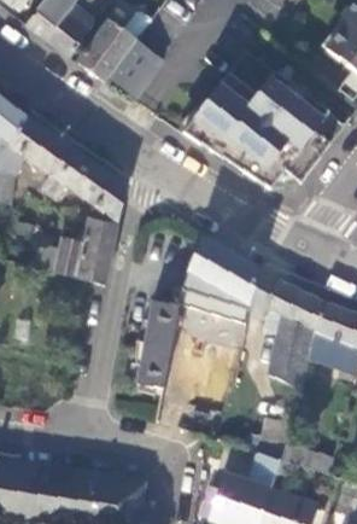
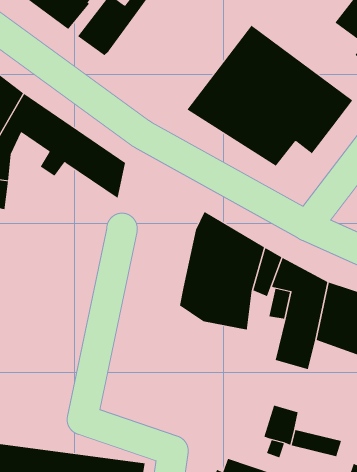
building: [109,41,162,95] -> none
building: [34,219,117,284] -> none
building: [140,299,180,386] -> none

